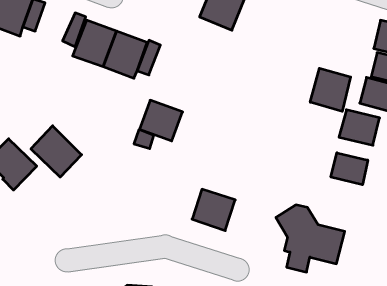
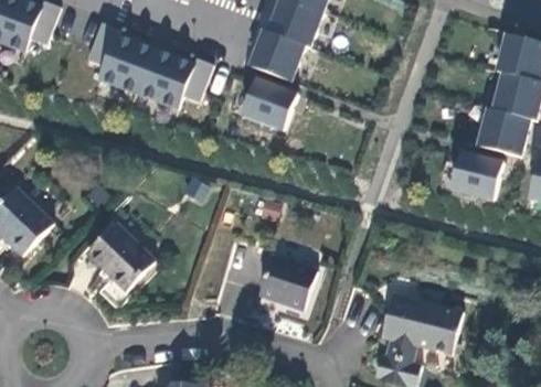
building: none -> [248,28,307,82]
building: [310,68,351,111] -> none
building: [139,100,183,141] -> [242,77,299,131]
building: [31,126,82,177] -> [84,224,151,292]
building: [331,153,368,185] -> none

